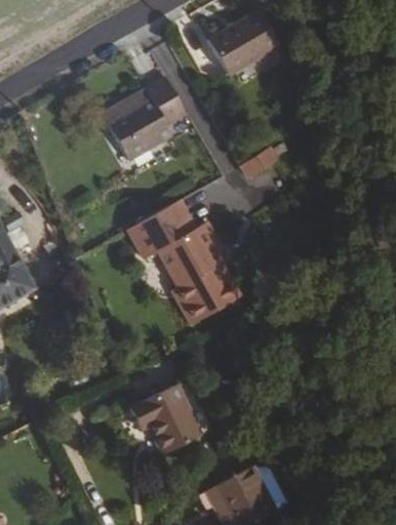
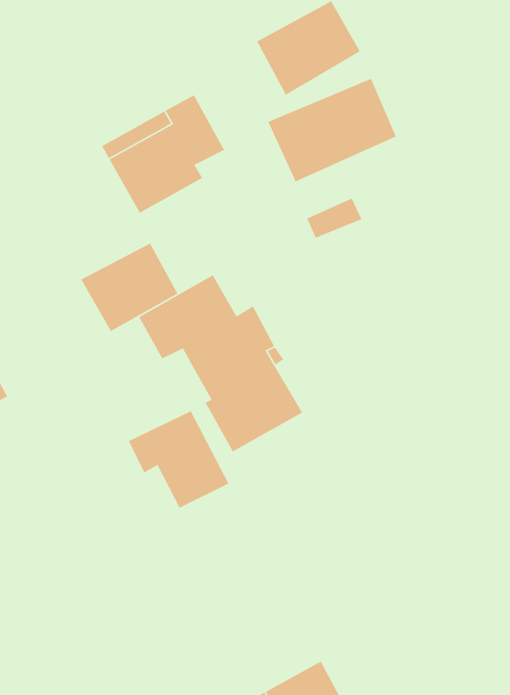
building: none -> [267,78,397,183]
building: none -> [80,243,178,332]
building: [130,388,201,456] -> [128,410,229,509]

